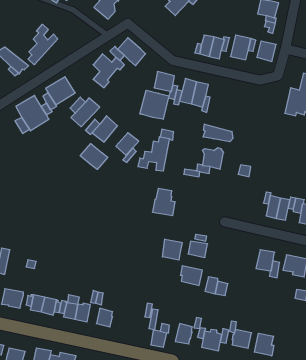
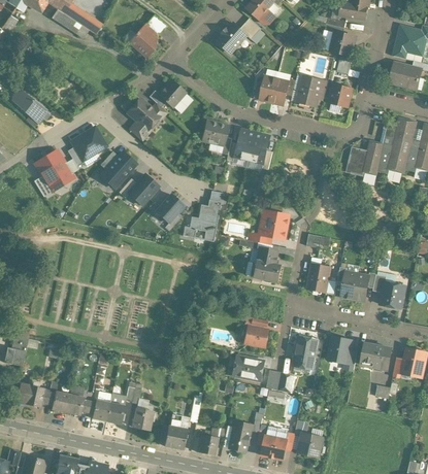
building: [28,24,58,65] -> none
building: [140,90,169,119] -> none
building: none -> [345,145,367,176]
building: [203,124,233,142] -> none
building: [80,144,108,169] -> none
building: [152,188,175,216] -> [253,248,281,281]
building: none -> [305,263,329,293]
building: [162,239,182,260] -> none
building: none -> [293,337,317,369]
building: none -> [165,414,190,449]
building: [255,333,274,356] -> none

